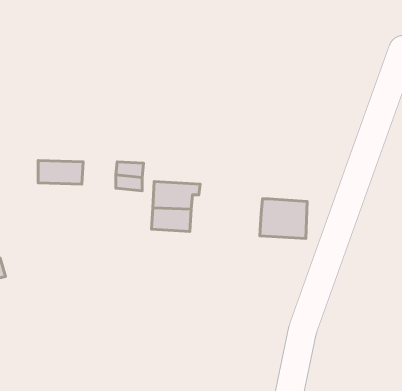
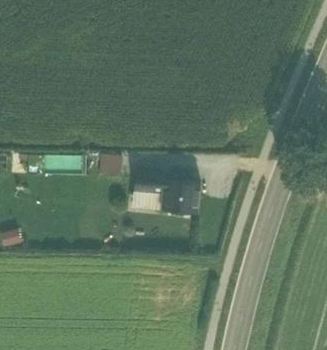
building: [260,199,307,238] -> [162,180,199,210]

